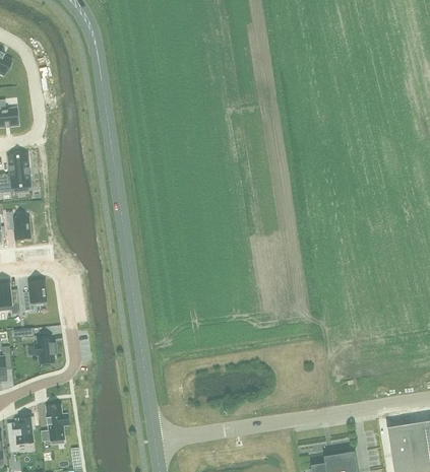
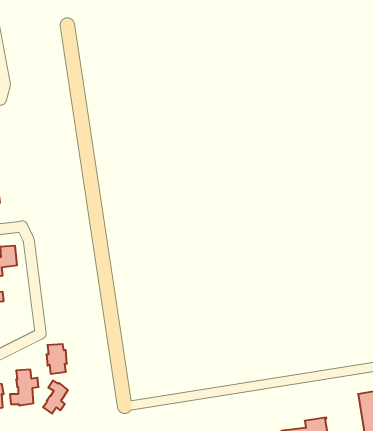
building: [36,334,56,363] -> [46,344,67,374]
building: none -> [43,380,68,414]

